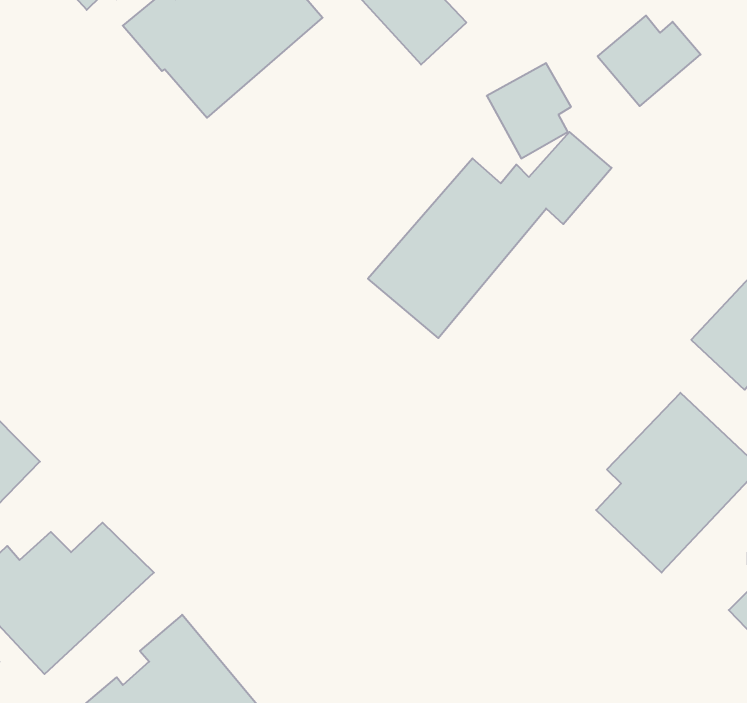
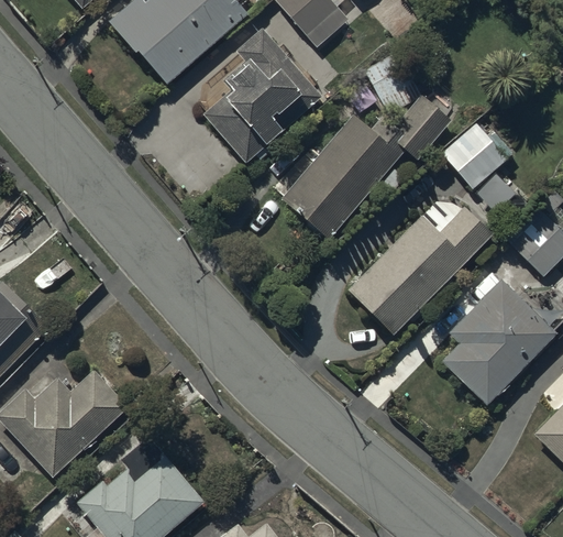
building: [598,16,701,106] -> [442,124,515,188]
building: none -> [202,29,322,158]
building: none -> [347,201,490,335]

